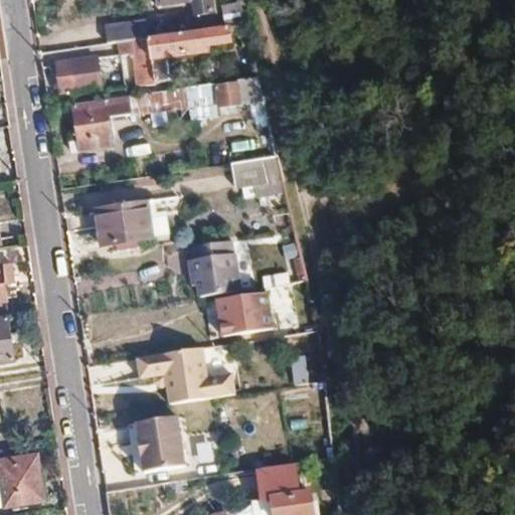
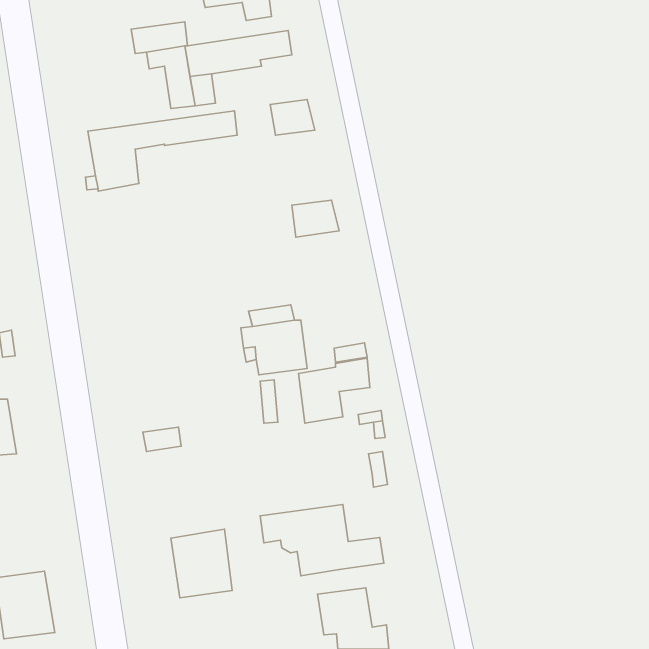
building: [55,56,100,93] -> none
building: [185,82,218,120] -> none
building: [94,200,153,246] -> none
building: [153,345,250,401] -> [260,504,384,576]

